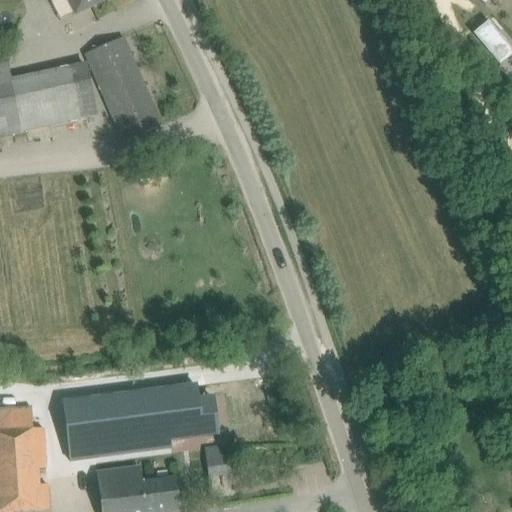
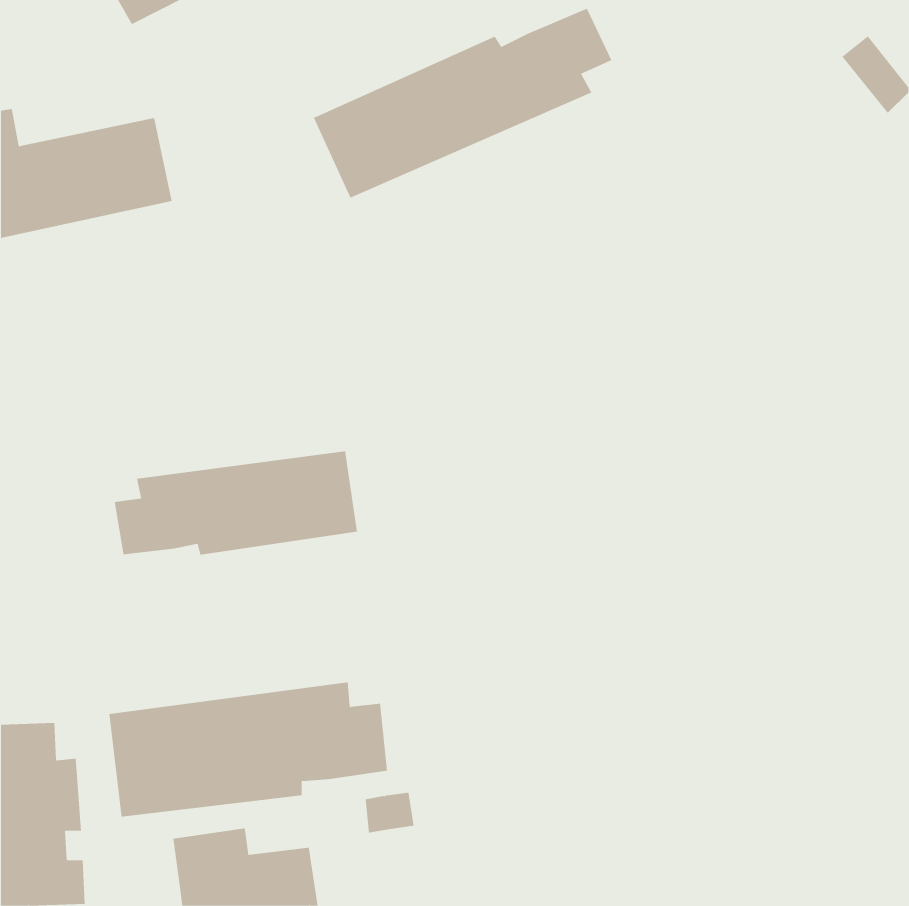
building: none -> [313,8,612,198]
building: [84,36,161,141] -> none
building: none -> [114,450,357,556]

